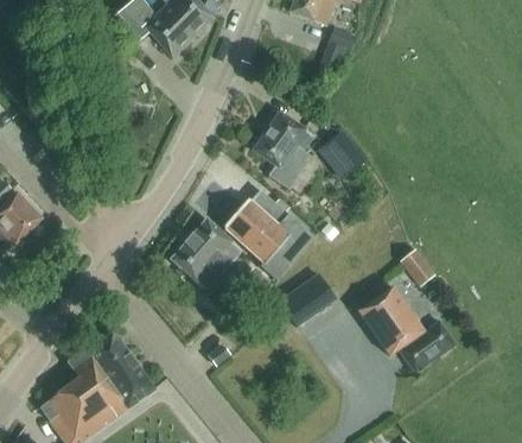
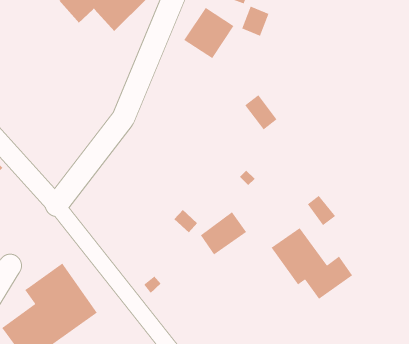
building: [253,110,313,172] -> [183,7,235,59]
building: [224,189,313,280] -> none
building: [171,217,241,289] -> none

